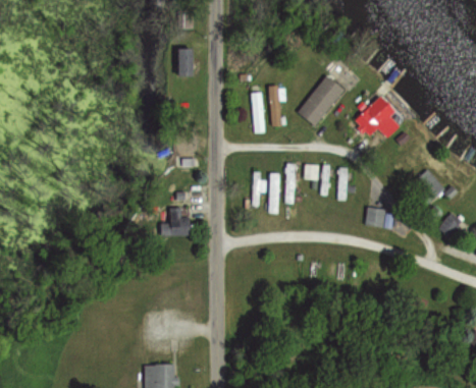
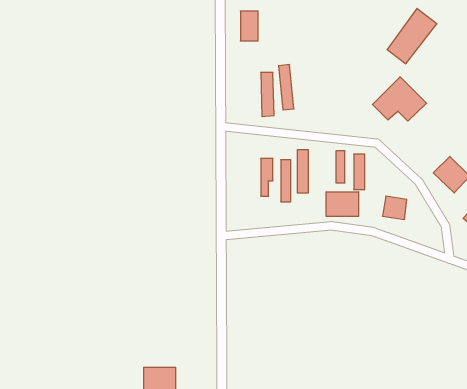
building: [178,49,195,76] -> [240,11,258,41]
building: [299,75,345,126] -> [387,8,437,64]
building: none -> [326,192,359,216]
building: [164,208,191,235] -> none

